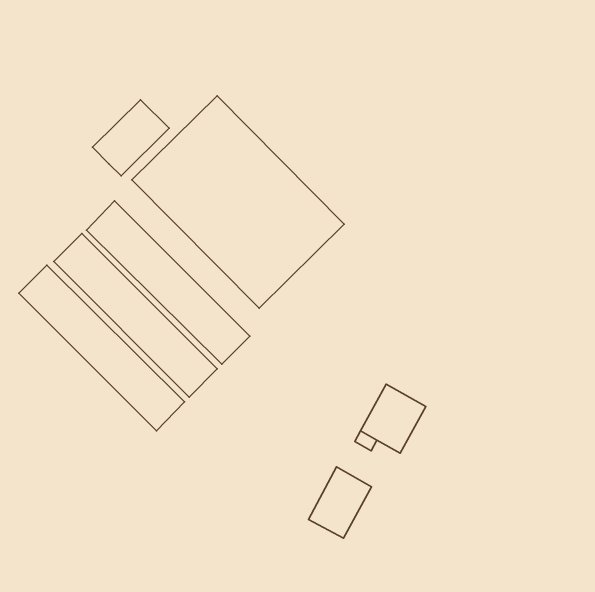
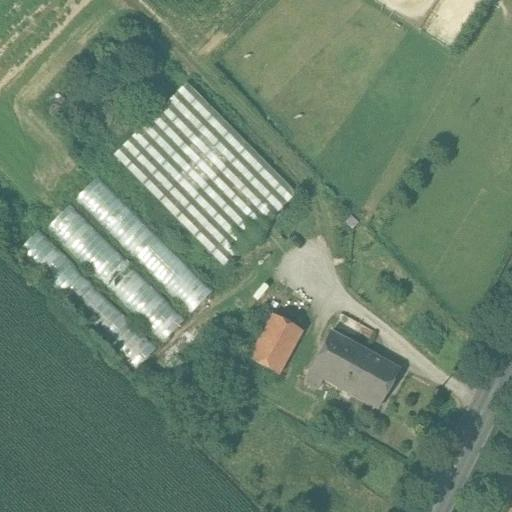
building: [93,100,169,176] -> none
building: none -> [344,348,400,406]
building: [309,467,372,538] -> [249,312,303,373]

